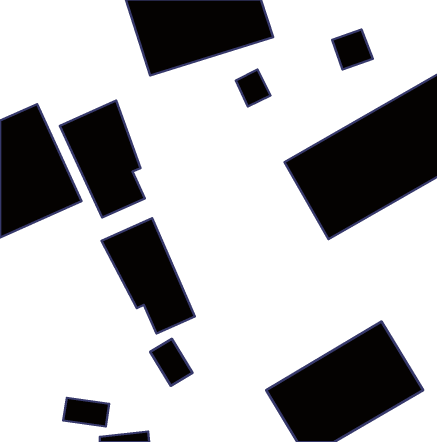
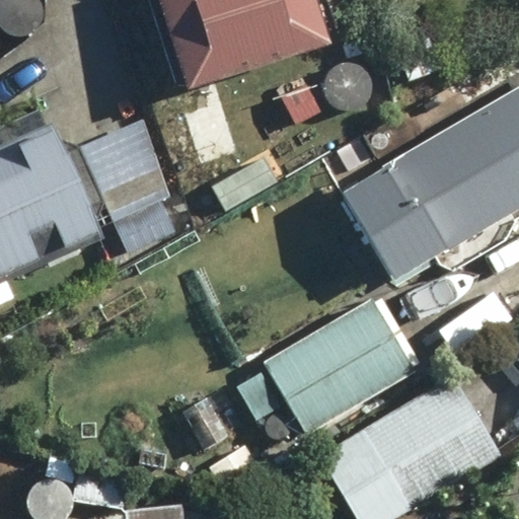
building: [101,218,195,333] -> none
building: none -> [235,296,418,438]

